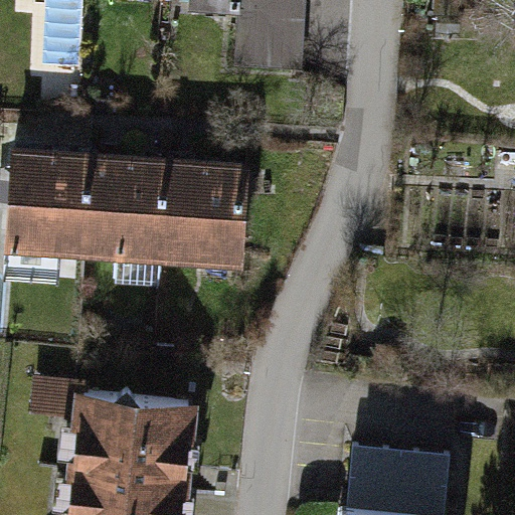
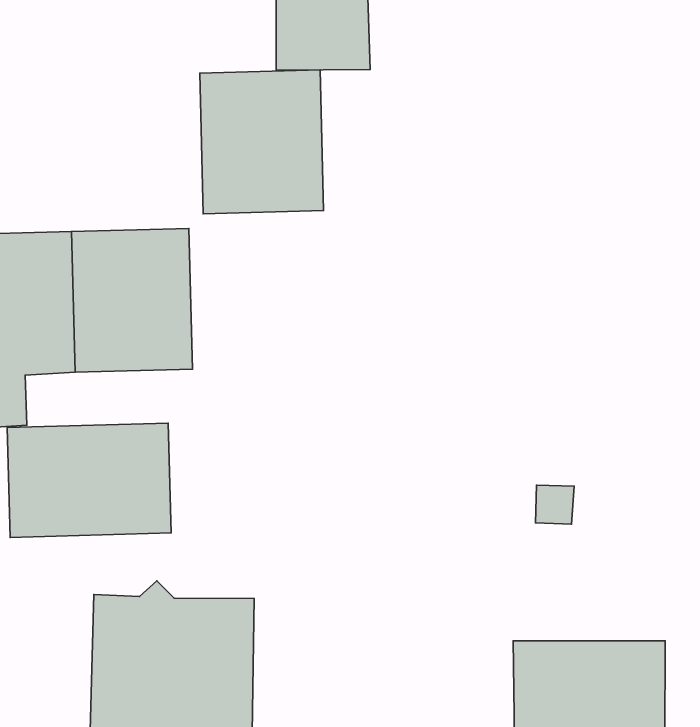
building: [161,164,244,260] -> [200,70,323,214]
building: none -> [7,423,171,537]

